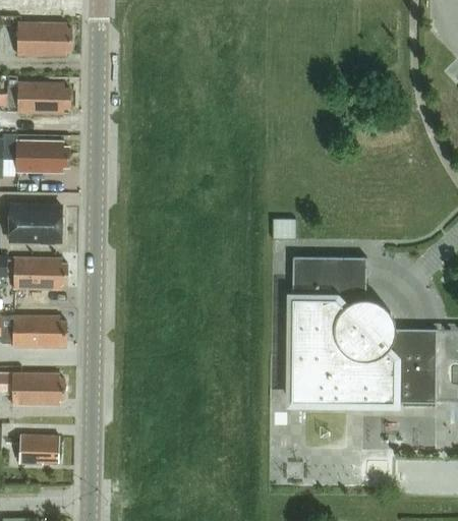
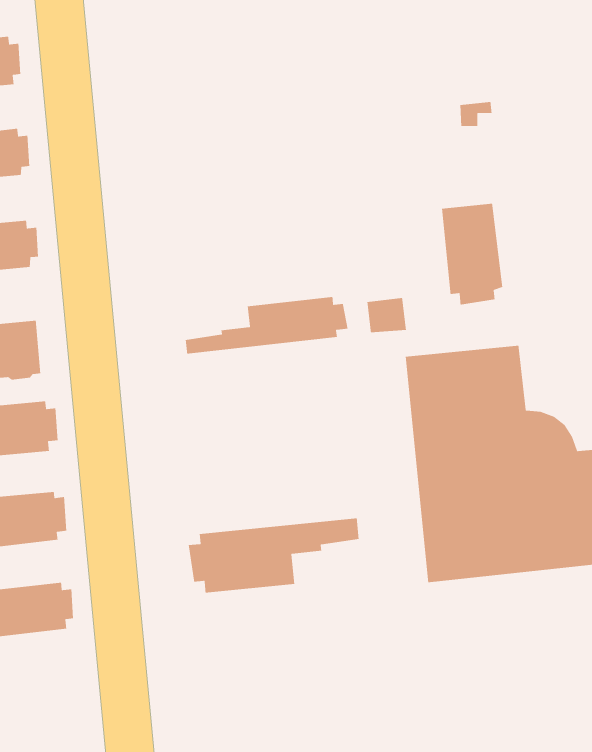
building: none -> [441,203,503,306]
building: none -> [185,296,348,355]
building: none -> [188,517,360,593]
building: [18,433,59,463] -> none

